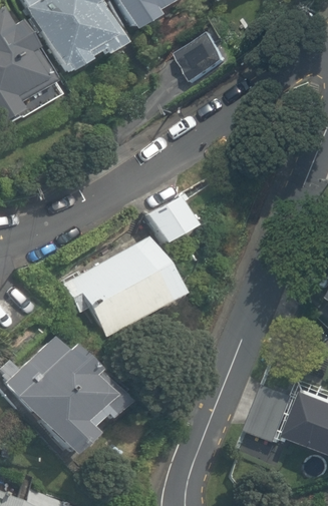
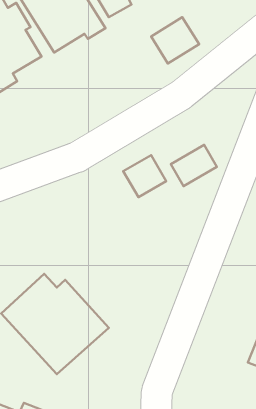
building: none -> [171,145,217,186]
building: [64,233,187,338] -> none

